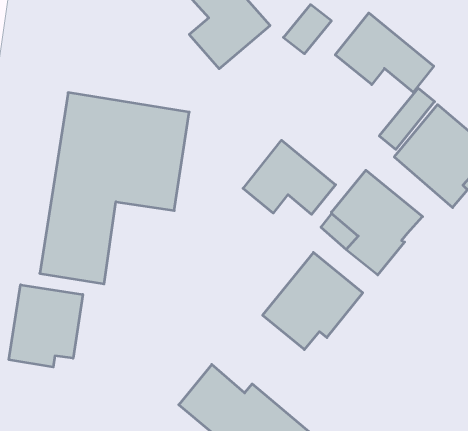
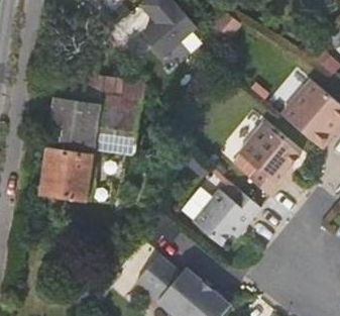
building: [335,13,434,92] -> none
building: [243,140,336,214] -> none
building: [9,285,83,367] -> none

